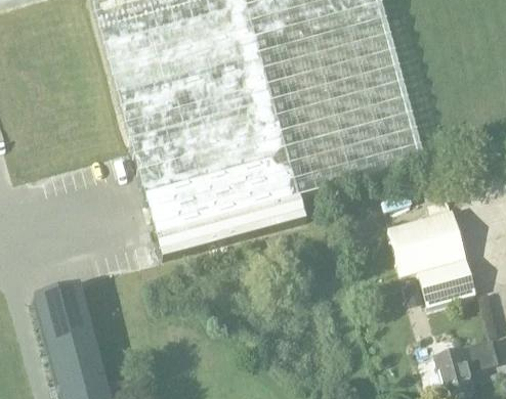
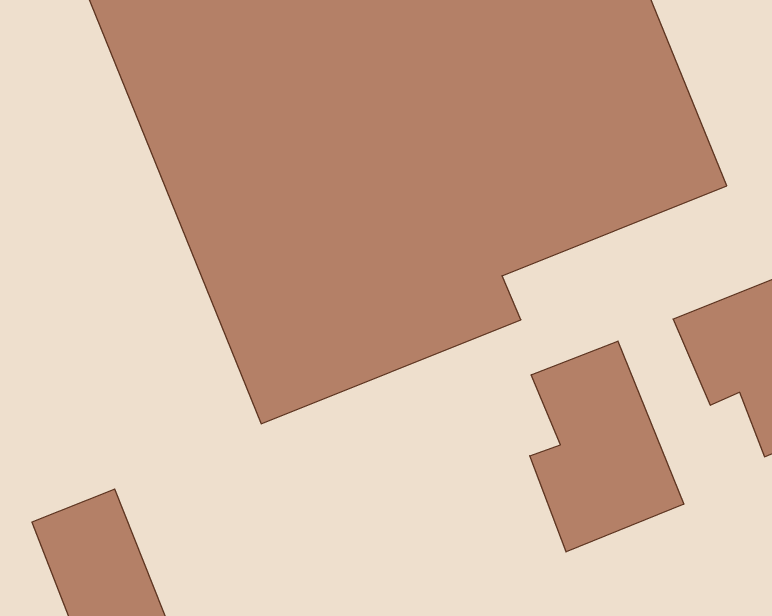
building: none -> [530,341,684,552]

